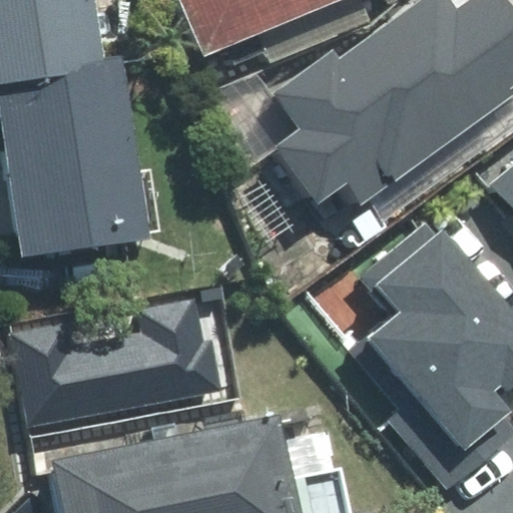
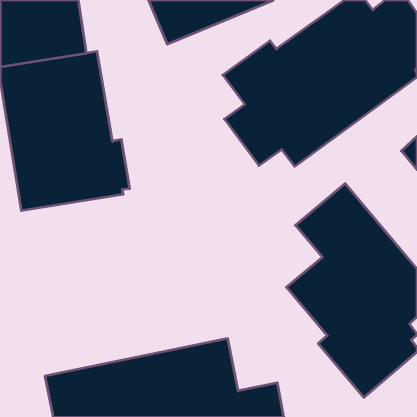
building: [11,299,221,427] -> none

